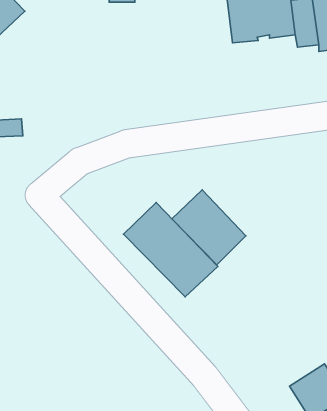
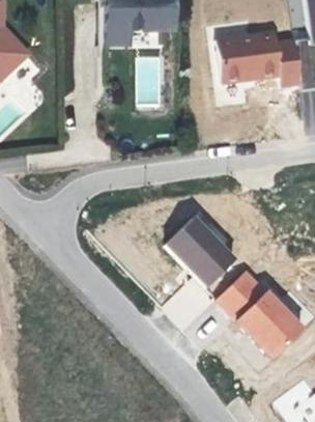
building: [124,203,218,297] -> [216,270,303,357]

